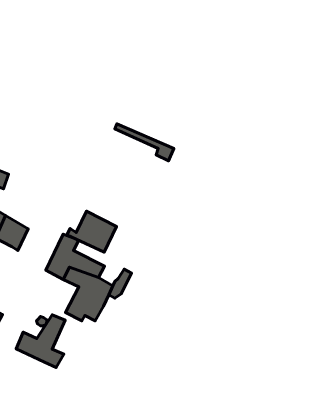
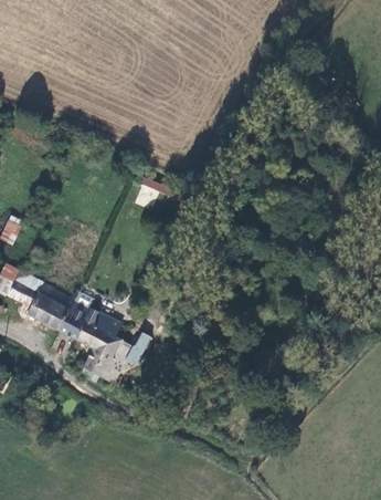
building: [67,211,116,252] -> [20,284,73,329]
building: [16,315,65,368] -> none

